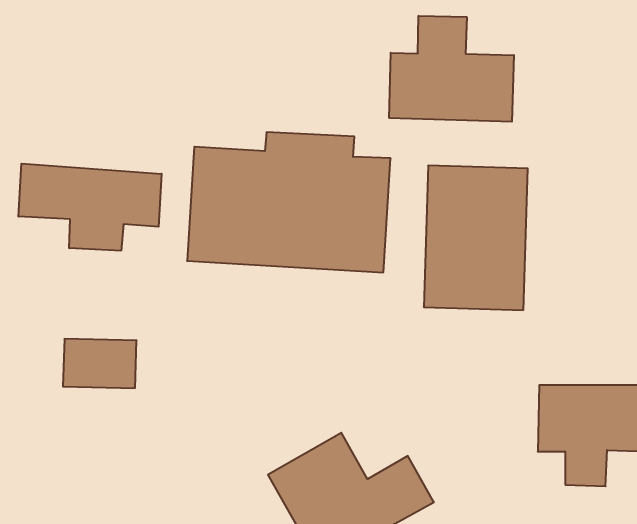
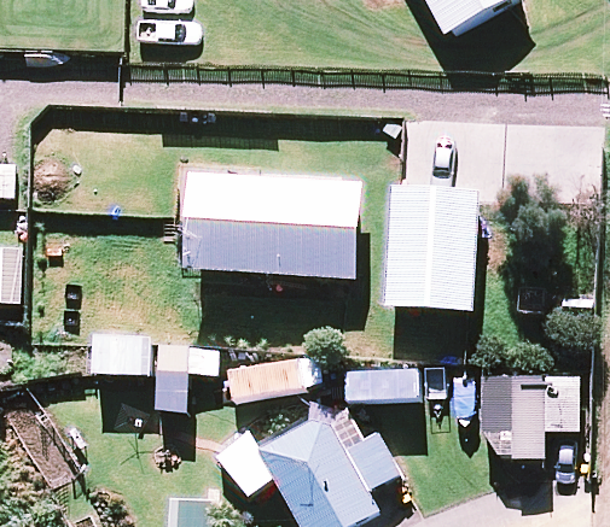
building: [389,16,514,122] -> none
building: [18,164,162,251] -> none

